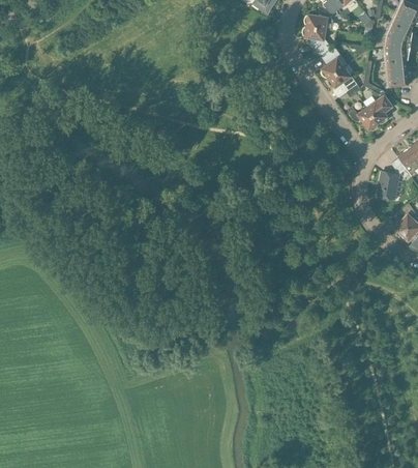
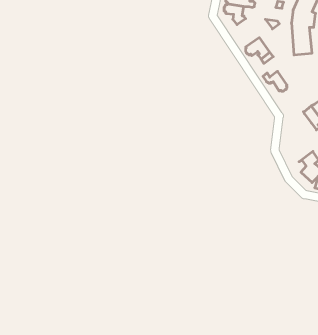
building: [319,42,346,77] -> none
building: [367,89,394,123] -> none
building: [378,156,408,198] -> none

